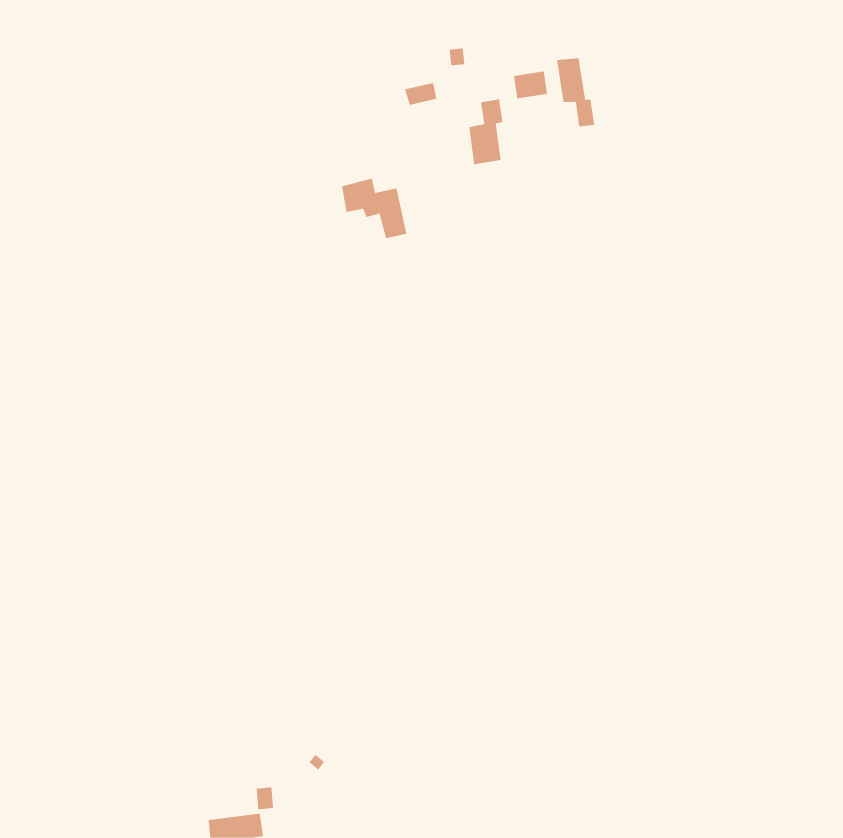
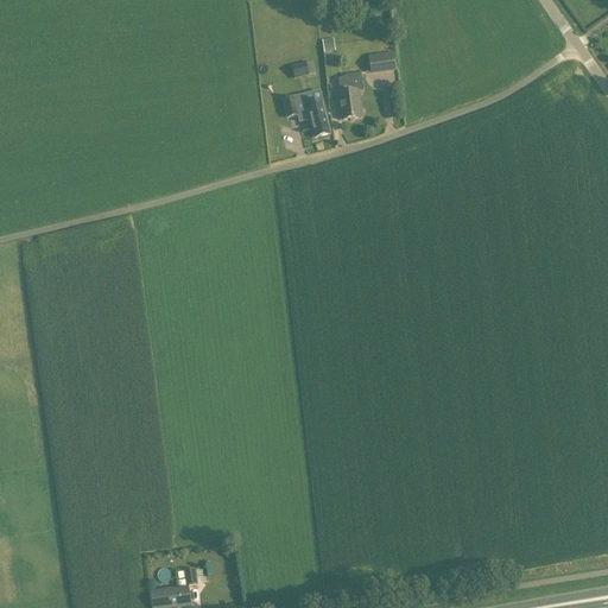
building: [556,58,595,127] -> none
building: [341,178,407,239] -> [281,91,329,135]

